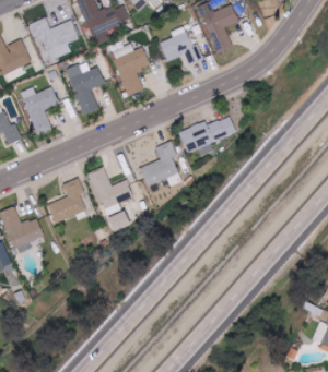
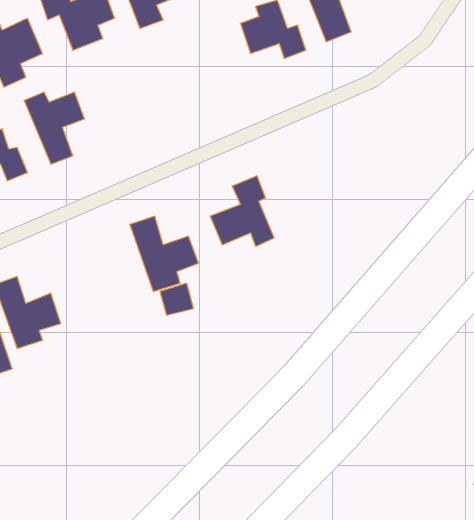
building: [110,44,149,95] -> none
building: [66,64,103,115] -> none
building: [178,116,235,156] -> none
building: [47,178,87,224] -> none

